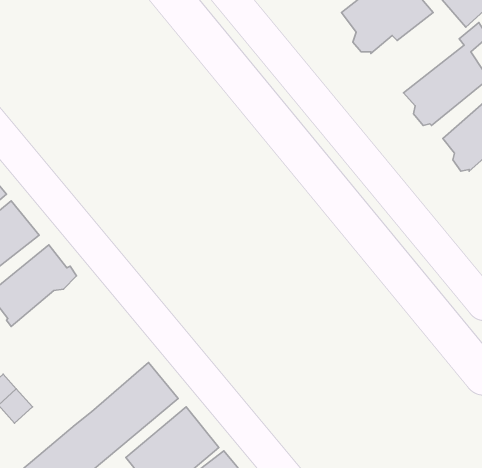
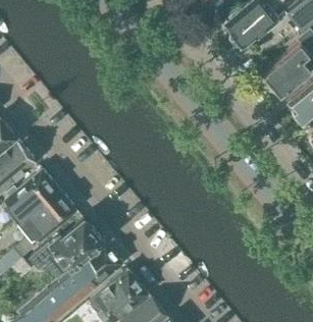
building: none -> [17,187,75,240]
building: none -> [29,218,102,280]

